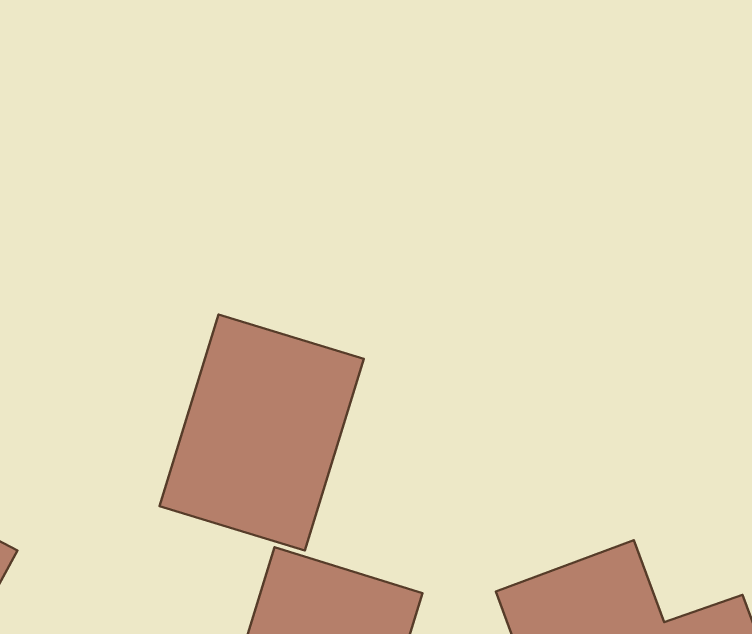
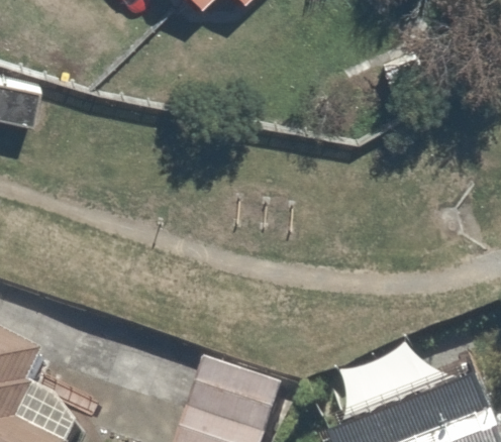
building: [160,314,364,550] -> none

